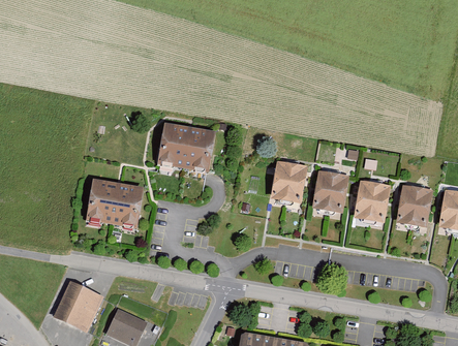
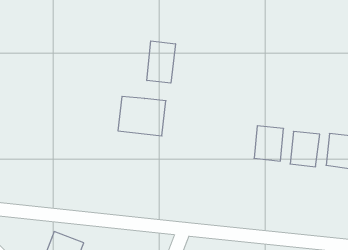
building: none -> [147,41,175,83]
building: [271,159,308,203] -> none
building: [87,179,144,228] -> none

